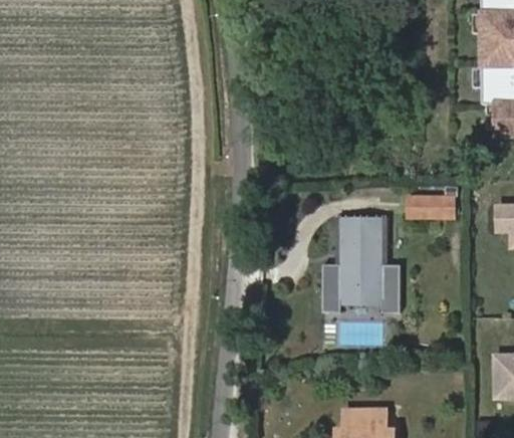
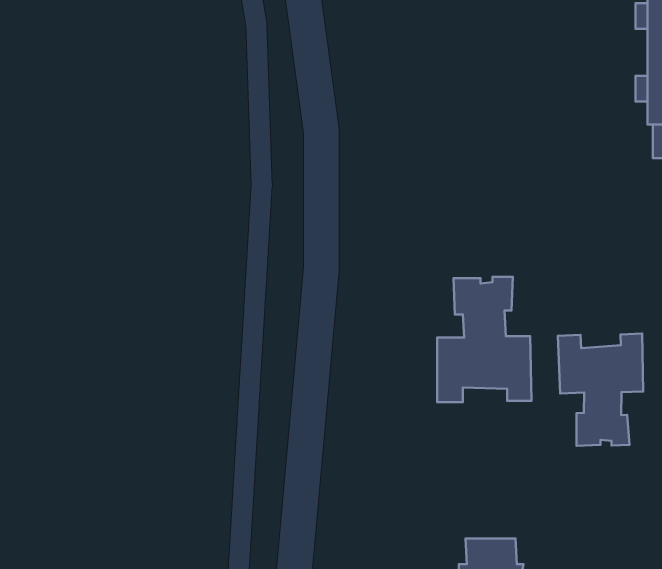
building: [412,190,457,215] -> none
building: none -> [558,334,643,446]

